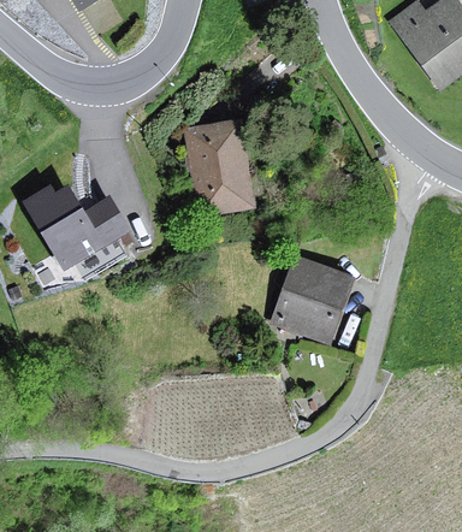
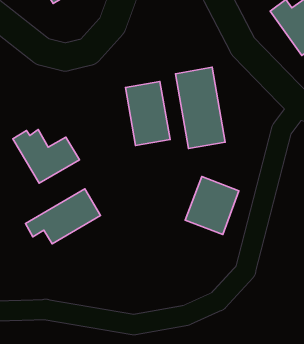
building: none -> [175,67,225,149]
building: none -> [25,189,100,244]

